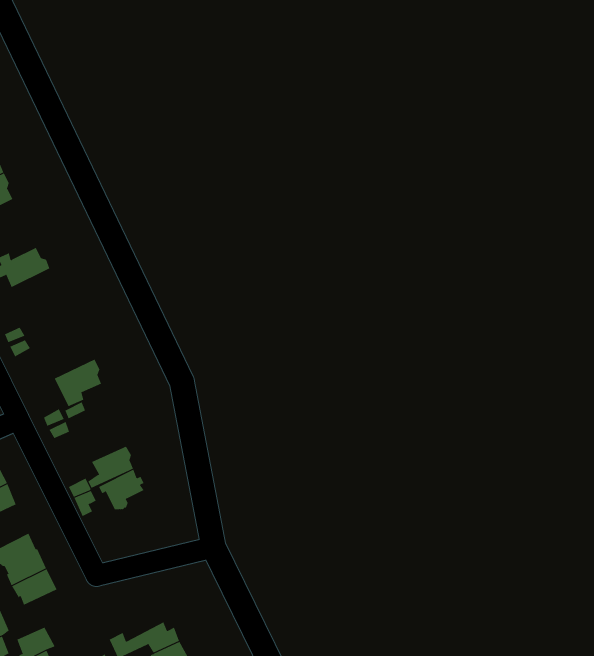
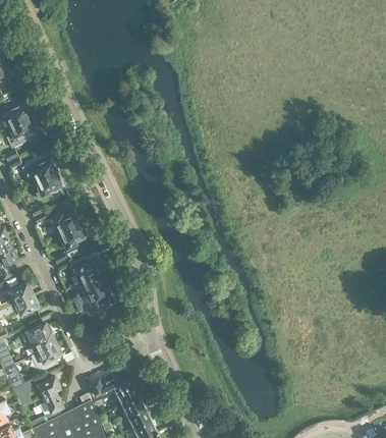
building: none -> [35,171,62,199]
building: none -> [51,211,82,234]
building: none -> [72,259,102,282]

